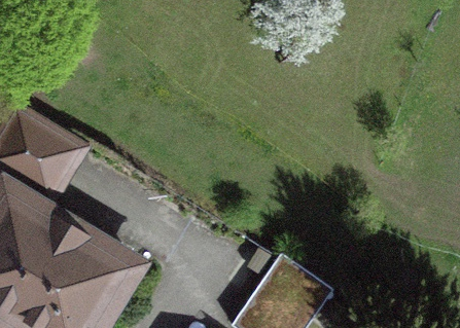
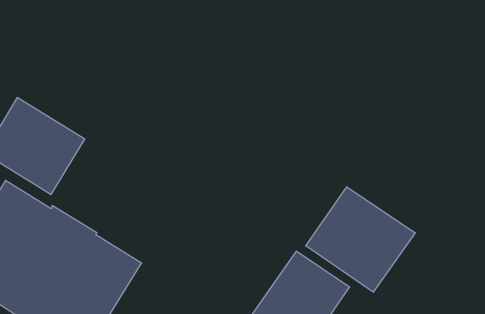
building: none -> [306,187,415,292]

